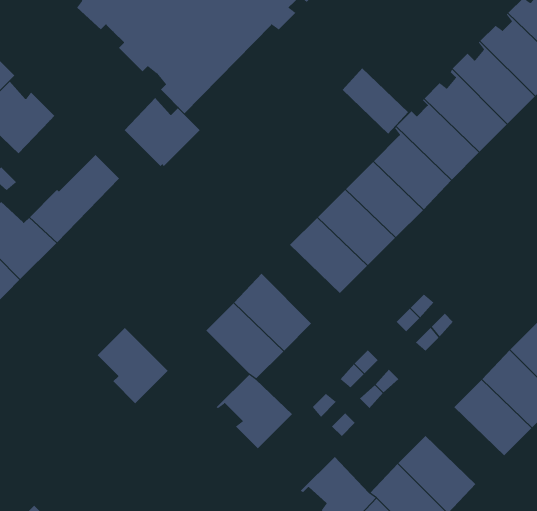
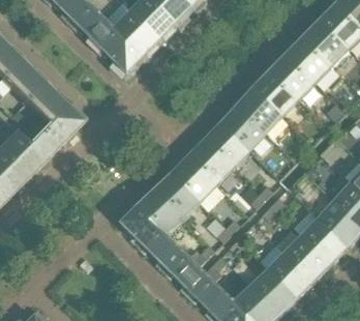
building: [342,67,409,134] -> none
building: [124,97,201,167] -> [26,81,71,122]
building: none -> [170,154,216,201]
building: [97,327,168,404] -> [120,205,162,251]
building: none -> [267,251,313,296]
building: none -> [168,255,213,300]

